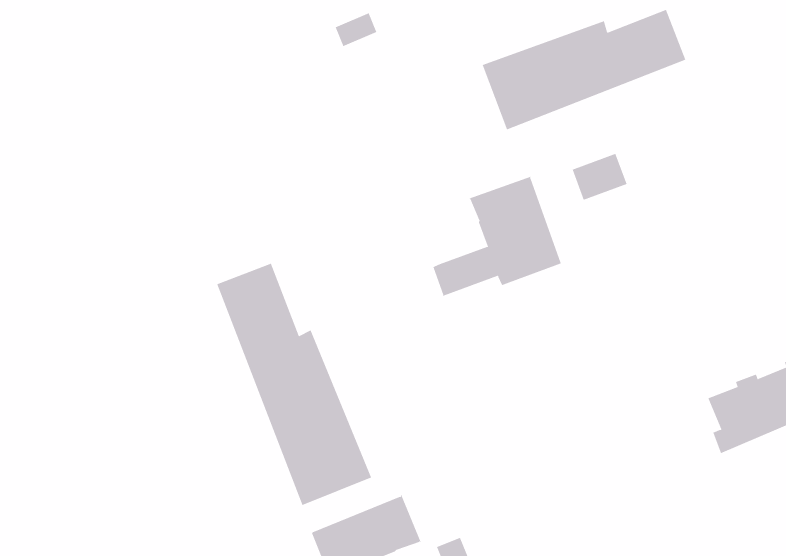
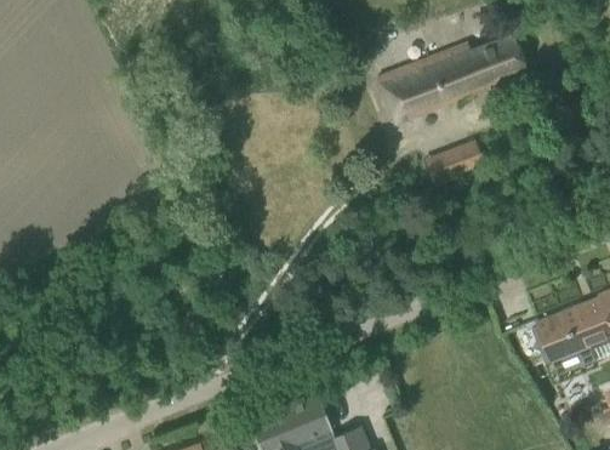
building: [432,176,564,296] -> none
building: [216,263,372,506] -> none

